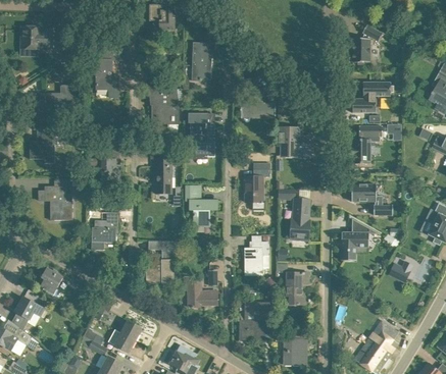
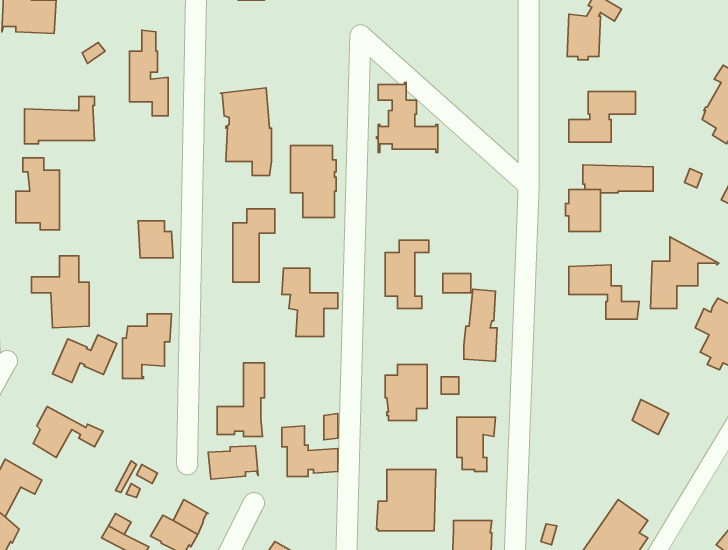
building: [191,43,214,81] -> none
building: [276,127,311,156] -> none
building: [340,218,380,260] -> [650,237,719,309]
building: none -> [53,335,117,382]
building: none -> [208,446,258,479]

